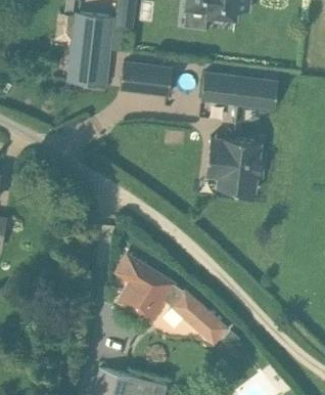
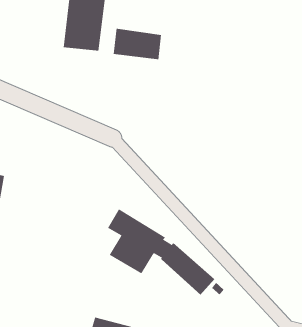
building: [201,74,278,109] -> none
building: [206,138,264,193] -> none

